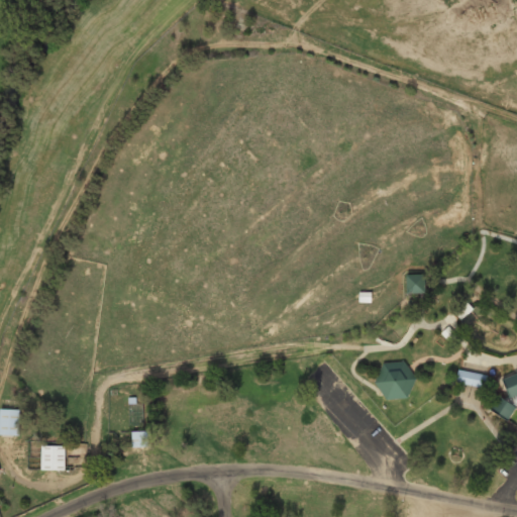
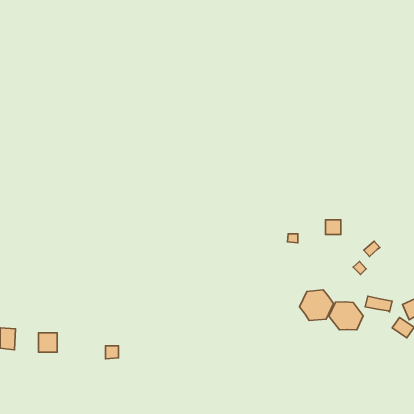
building: none -> [329,302,363,330]
building: [41,445,65,470] -> [39,333,57,352]

